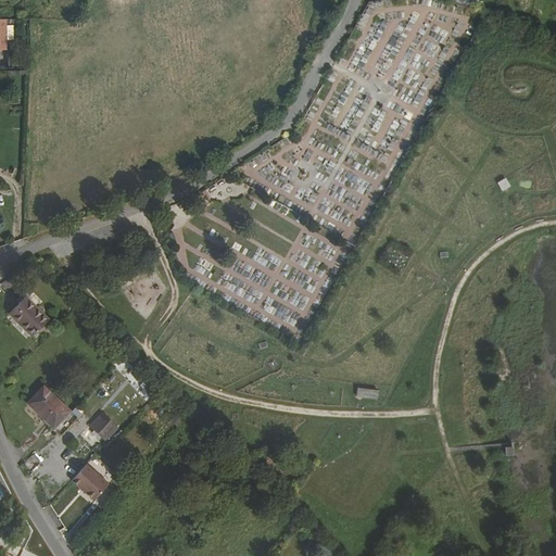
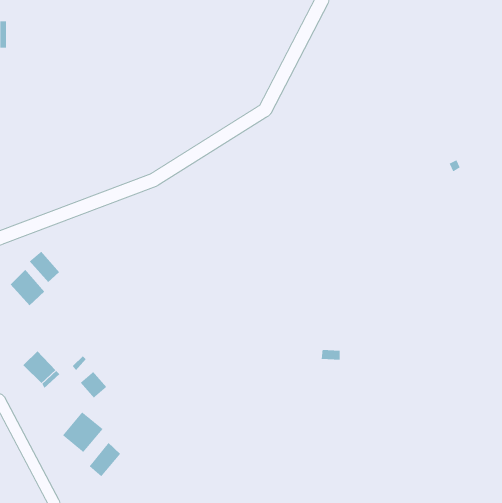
building: none -> [29,251,60,283]
building: none -> [89,442,121,477]

